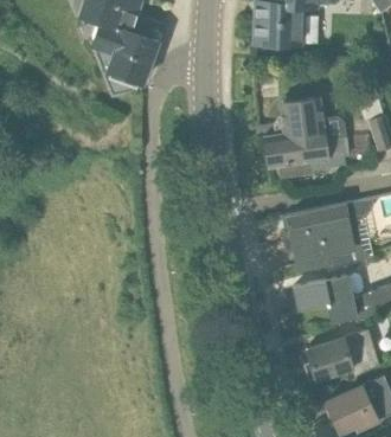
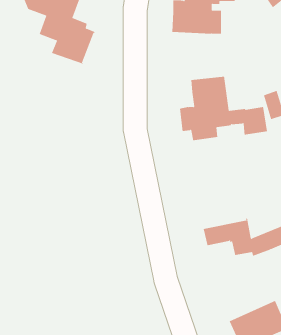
building: [277,204,358,266] -> none
building: [306,329,379,379] -> none

